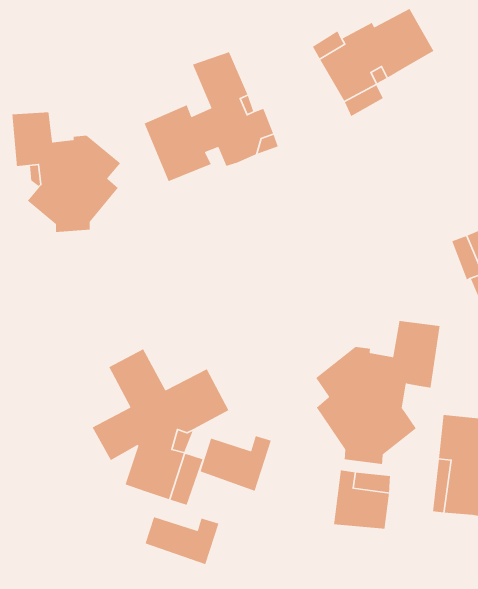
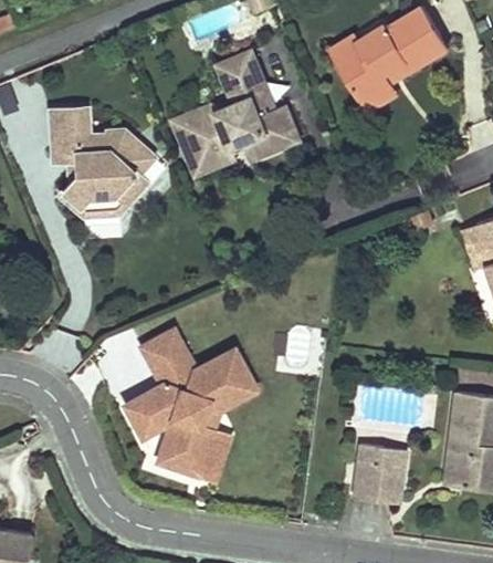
building: [315,320,441,465] -> none
building: [199,435,272,492] -> none
building: [145,516,219,565] -> none

